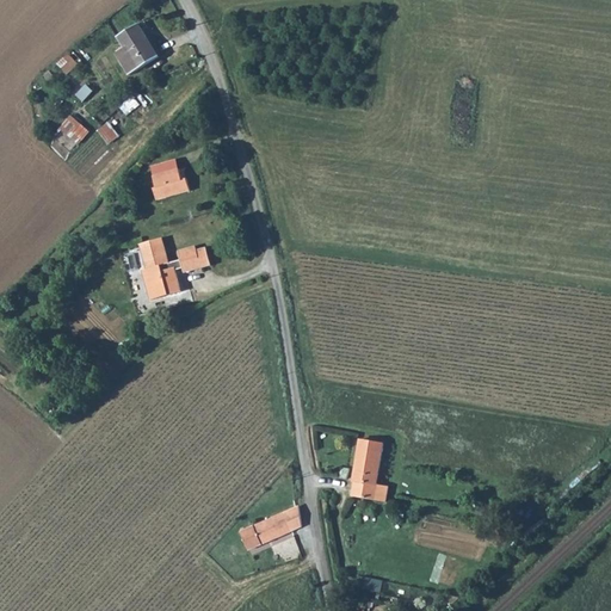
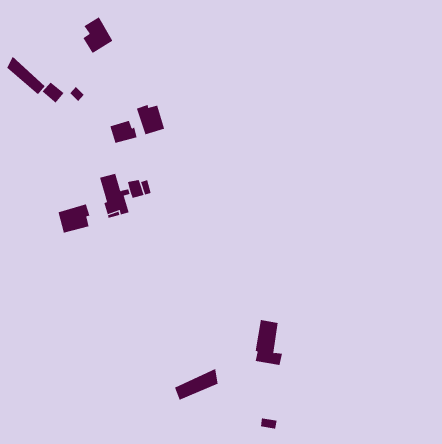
building: none -> [7,56,45,95]
building: none -> [136,104,165,135]
building: none -> [58,203,90,233]

